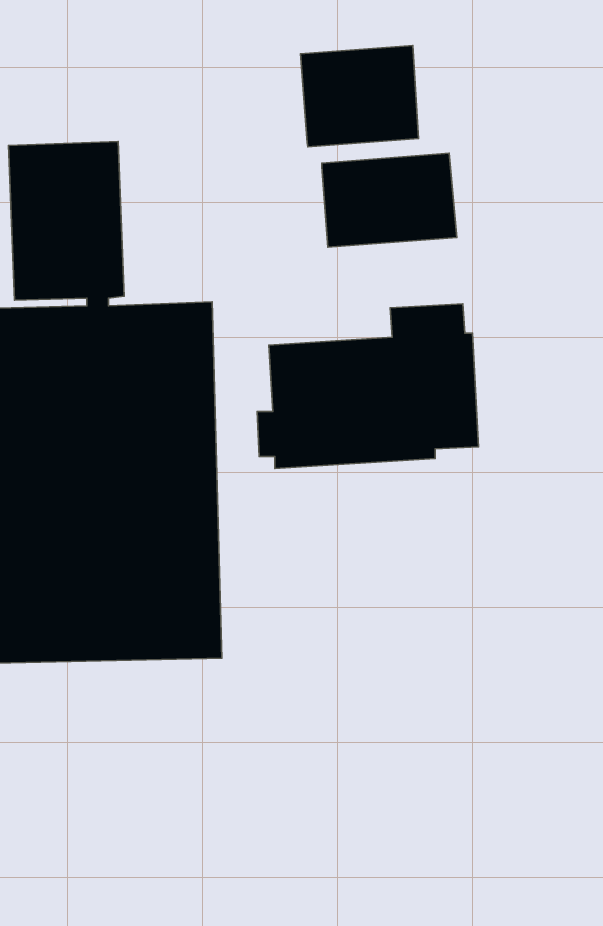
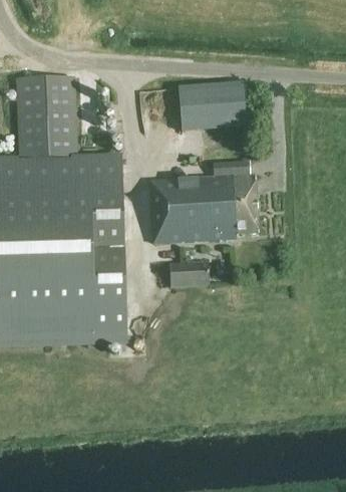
building: [300,45,418,147] -> none
building: none -> [168,260,209,286]

